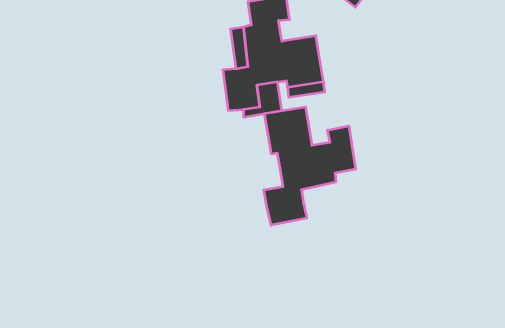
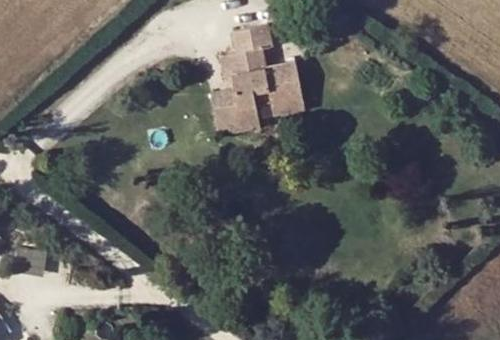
building: [264,107,355,225] -> none

